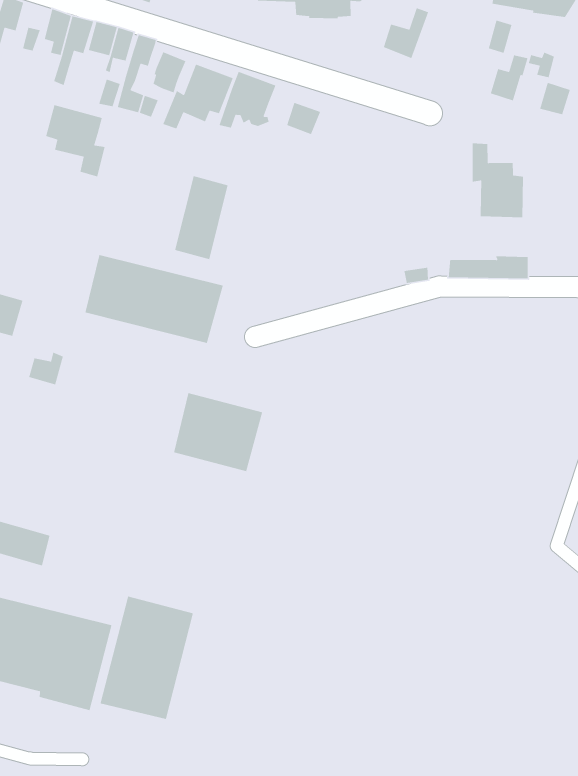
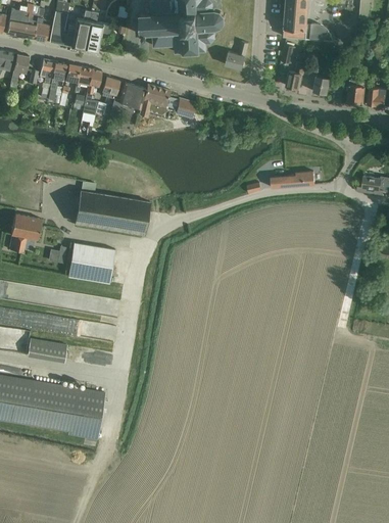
building: [45,104,106,178] -> none
building: [472,143,524,218] -> none
building: [174,175,229,260] -> none
building: [173,392,263,472] -> [68,242,115,283]
building: [99,595,194,720] -> none

